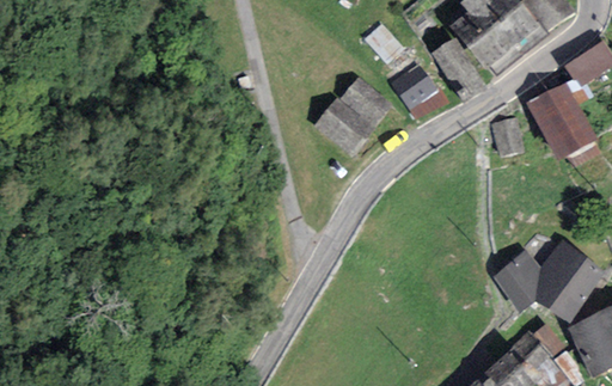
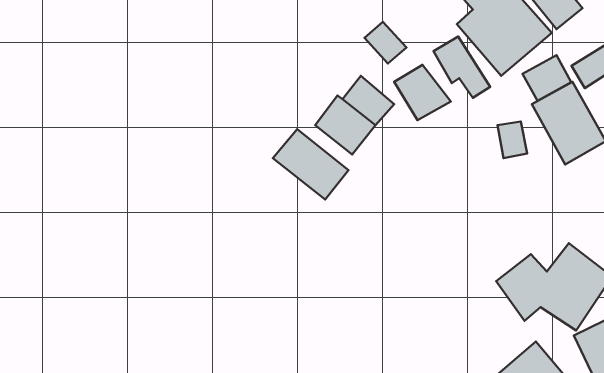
building: none -> [523,55,571,101]
building: none -> [273,129,348,200]

